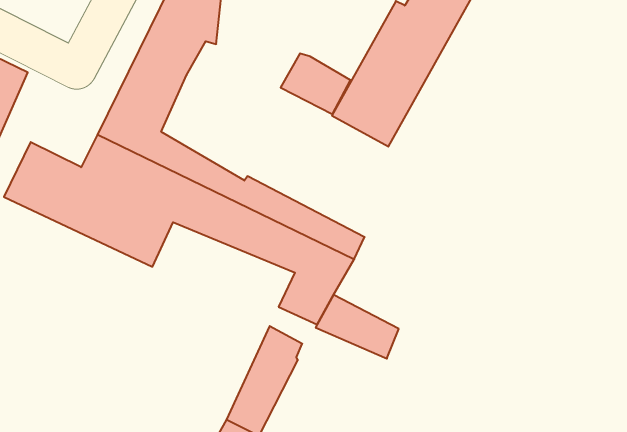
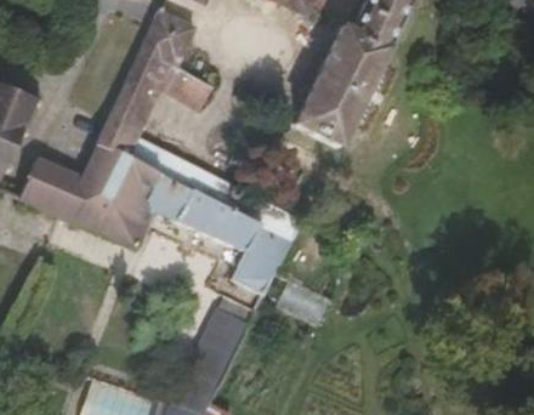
building: [281,53,350,114] -> [163,68,220,118]

